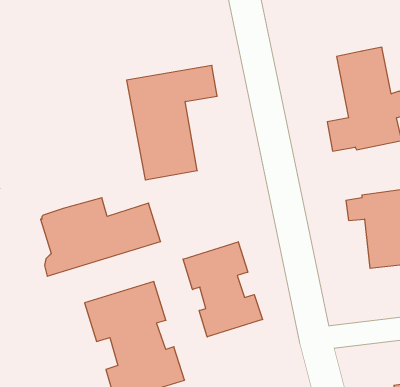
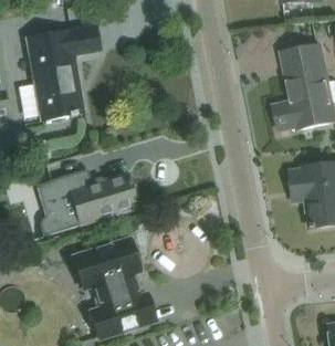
building: [127,65,217,180] -> [24,25,100,120]
building: [183,242,263,337] -> none

